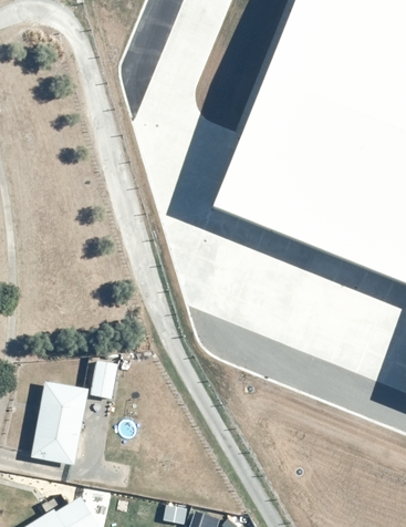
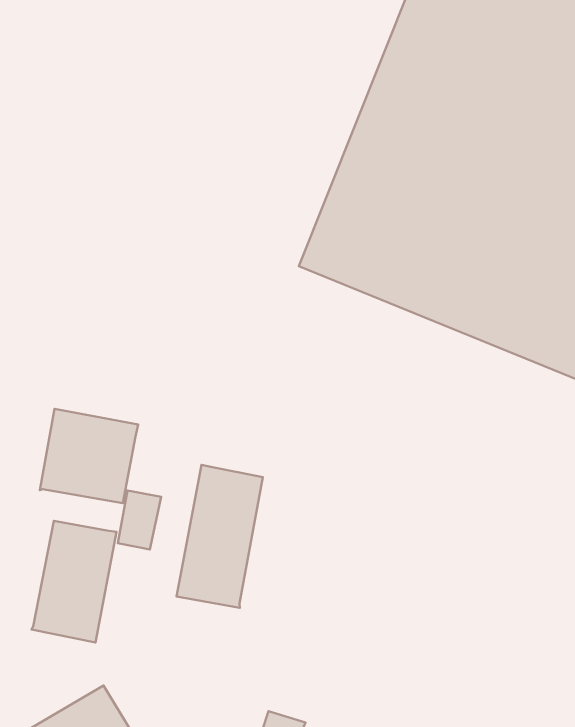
building: none -> [40,409,138,503]
building: none -> [176,465,263,608]

